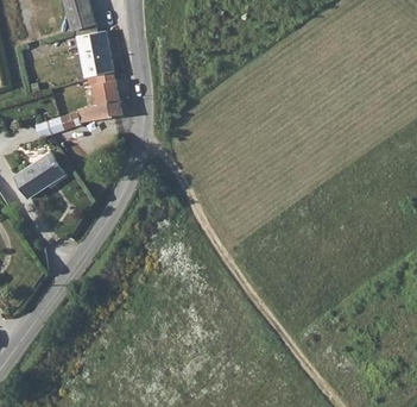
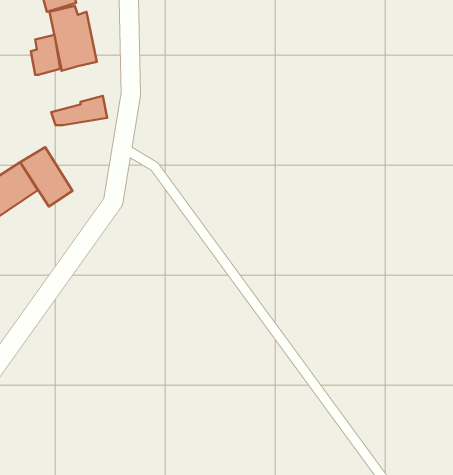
building: [93,70,116,102] -> [31,35,60,75]
building: none -> [20,147,73,207]

